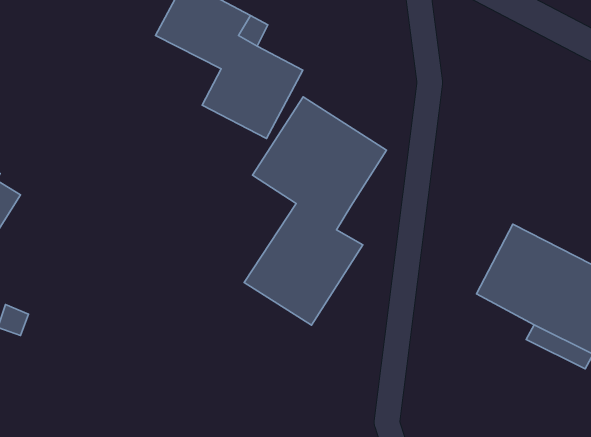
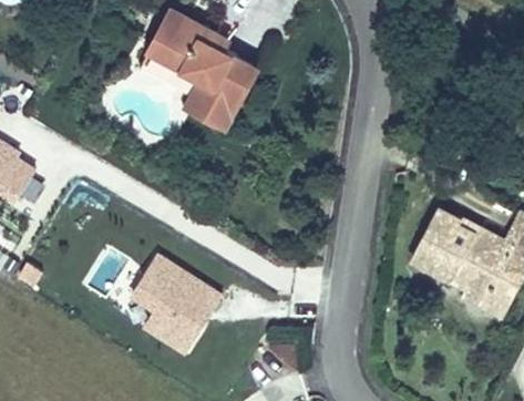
building: [244,97,386,325] -> none
building: none -> [129,257,222,357]

